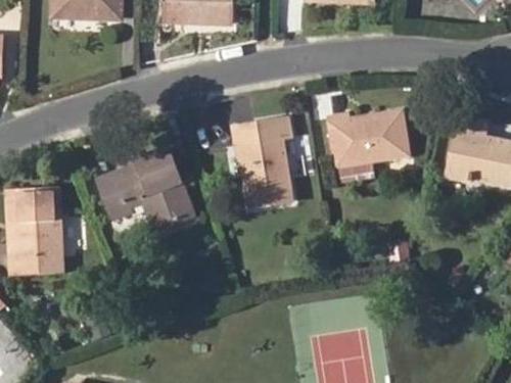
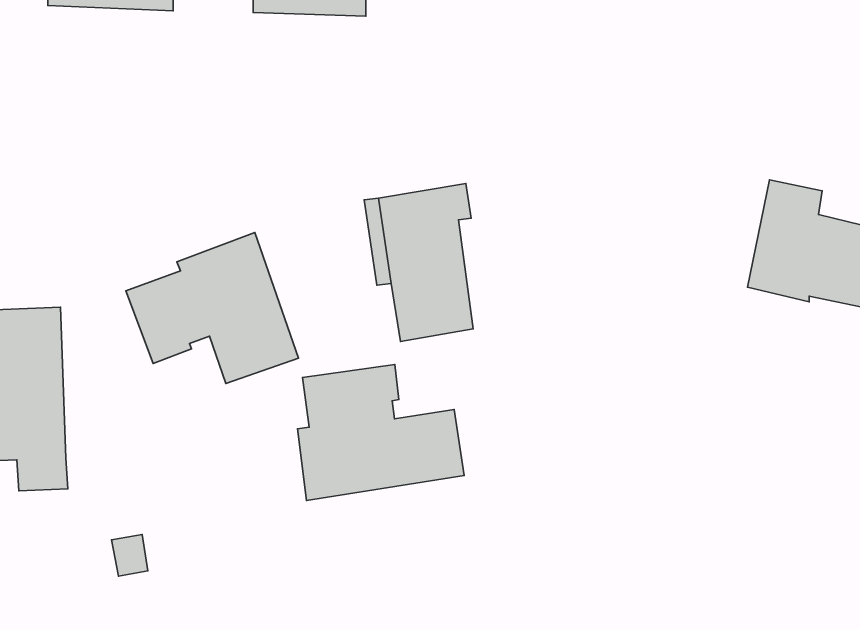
building: [328,112,408,165] -> none
building: none -> [297,364,464,500]

